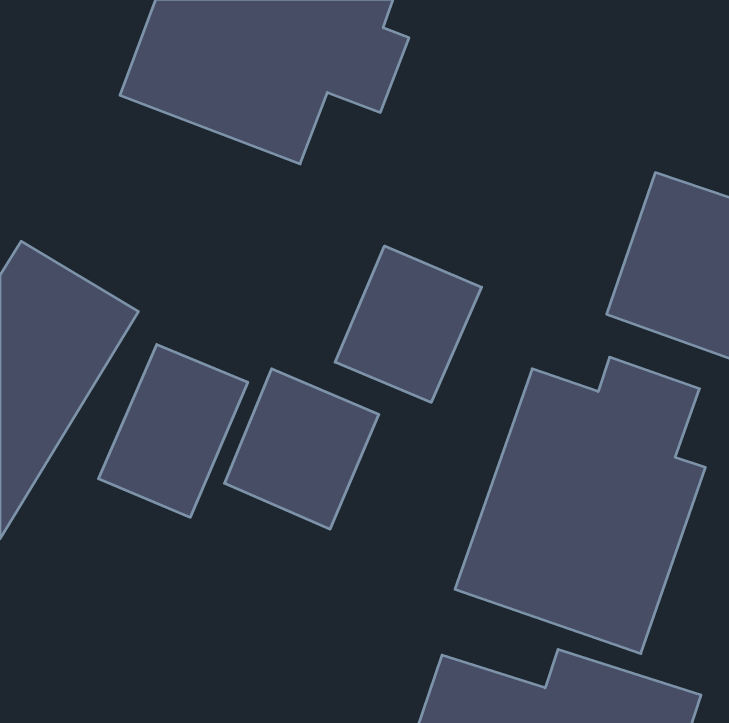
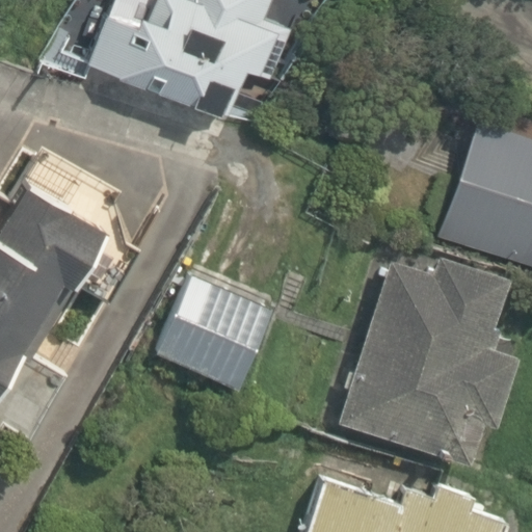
building: [335,246,482,402] -> none
building: [98,344,248,517] -> none

